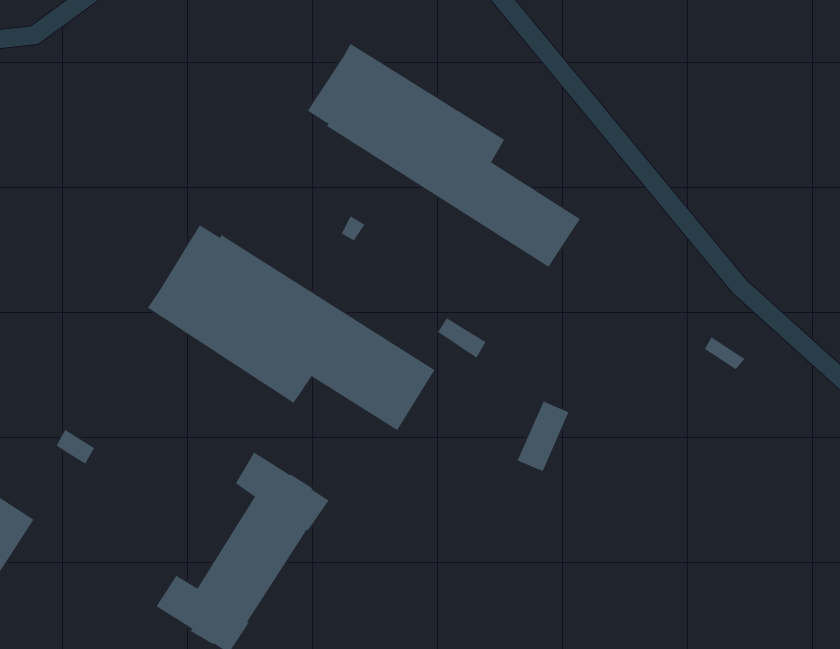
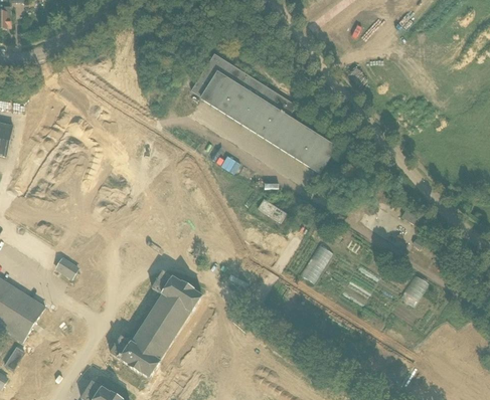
building: [147,224,435,431] -> none

